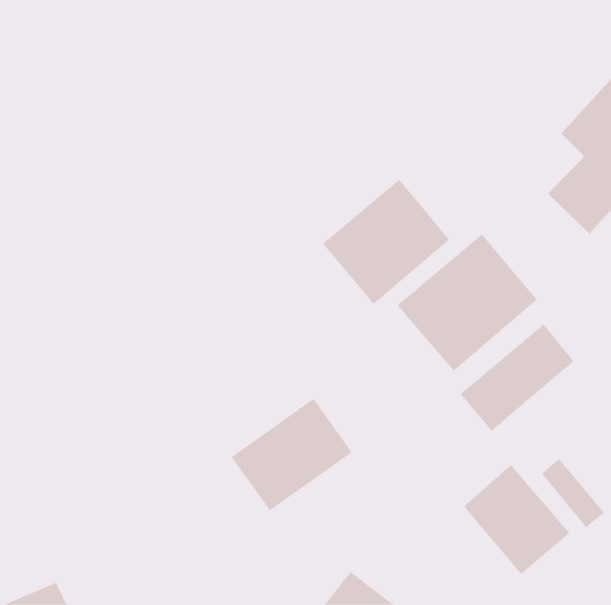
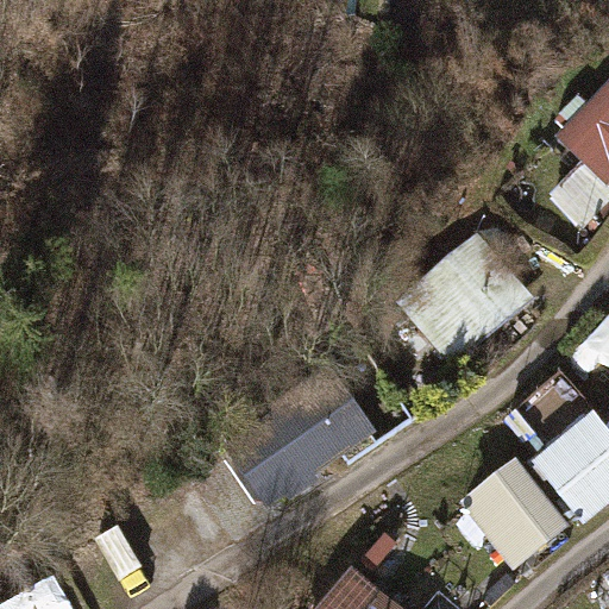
building: [322,179,450,305] -> none
building: [460,324,574,431] -> none

